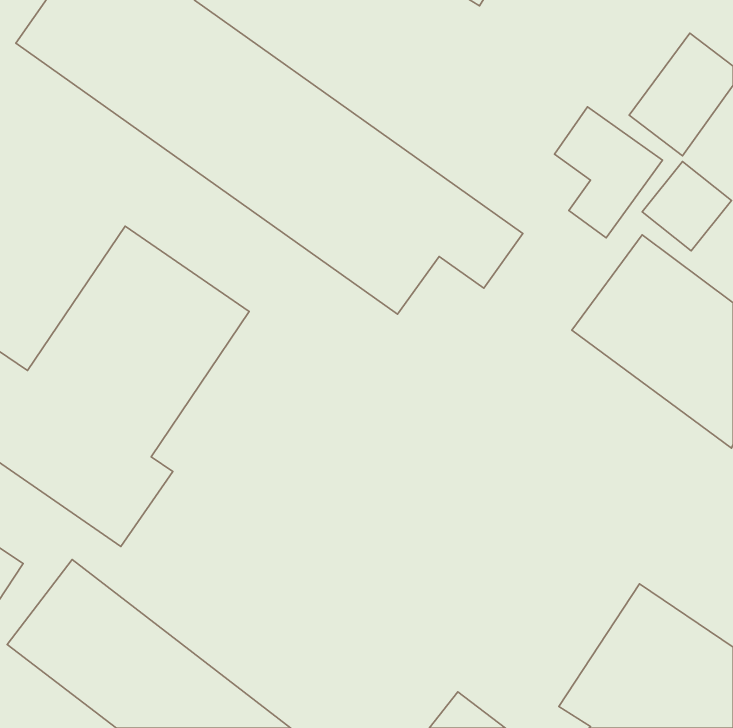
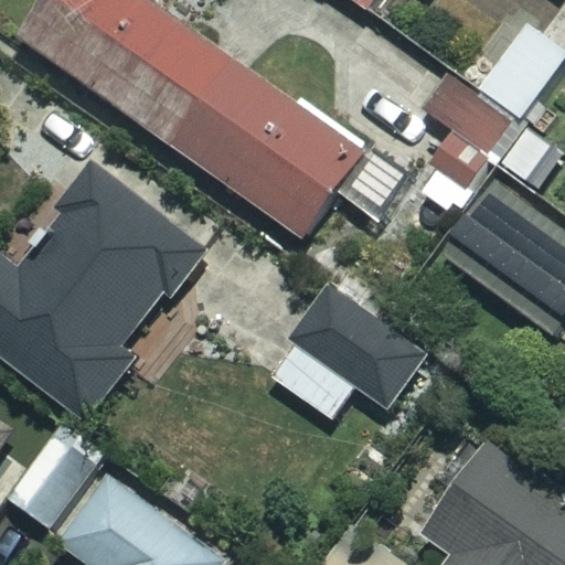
building: none -> [273,290,423,424]

